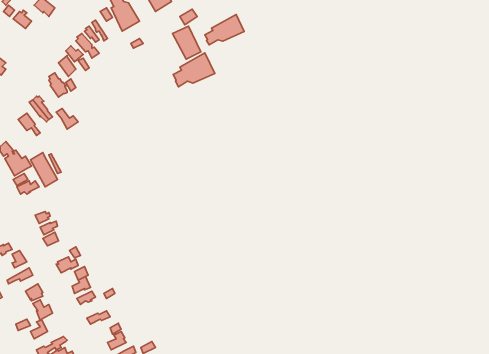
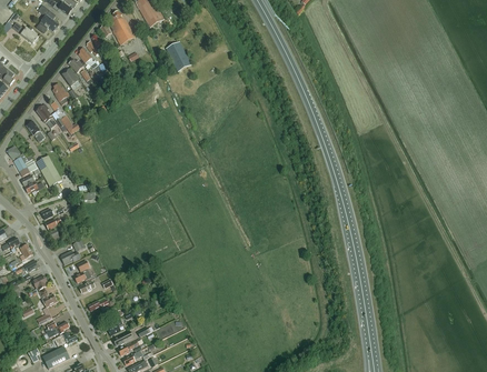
building: [205,14,244,45] -> none
building: [173,53,215,87] -> none

